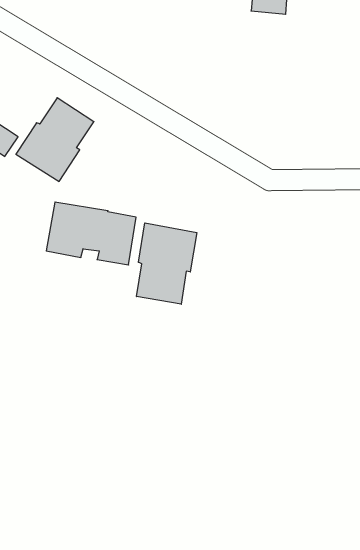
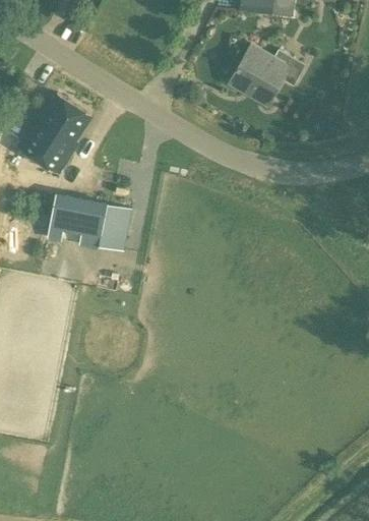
building: none -> [230,45,306,106]
building: [137,223,197,304] -> none

